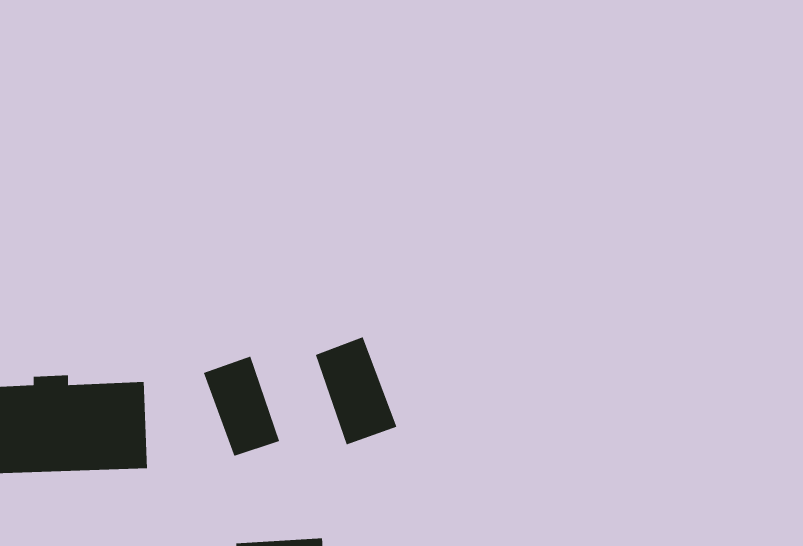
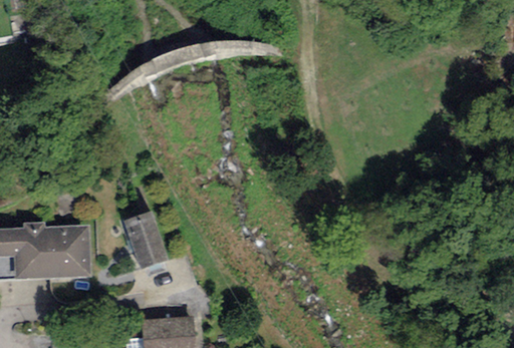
building: [315,336,397,446] -> none

